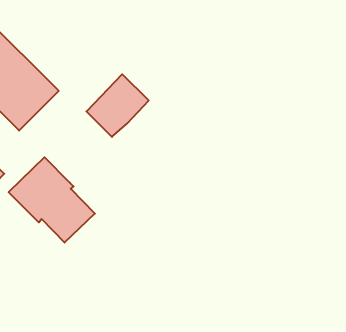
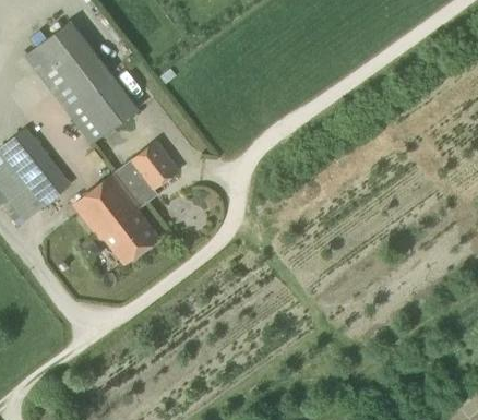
building: [86,74,149,137] -> [115,140,180,203]

